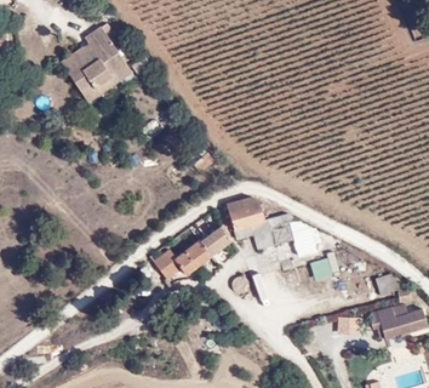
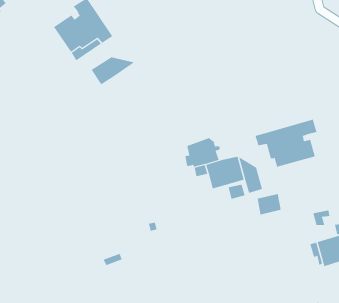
building: none -> [91,56,135,85]
building: none -> [255,119,317,168]
building: [148,226,225,280] -> none

